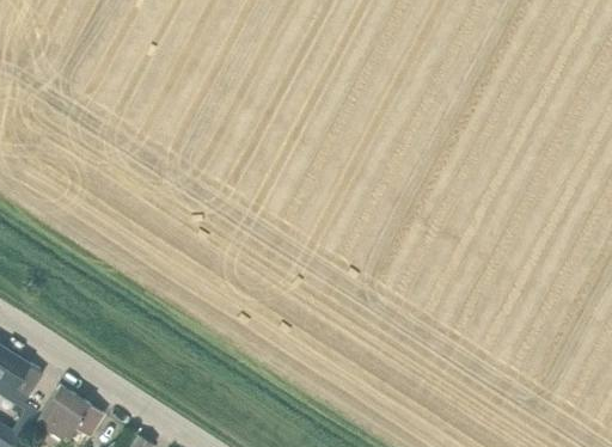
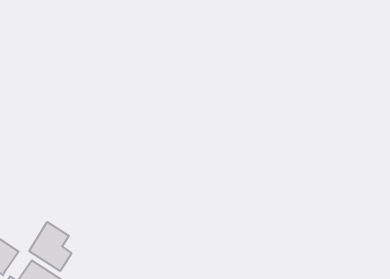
building: none -> [29,222,71,271]

